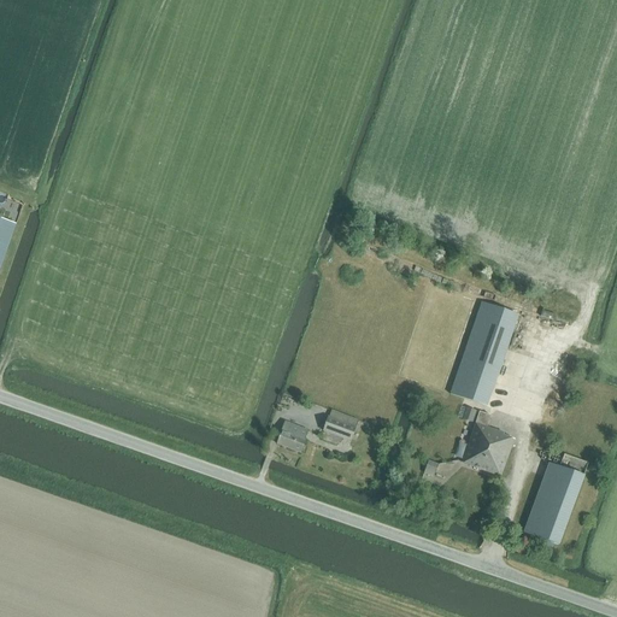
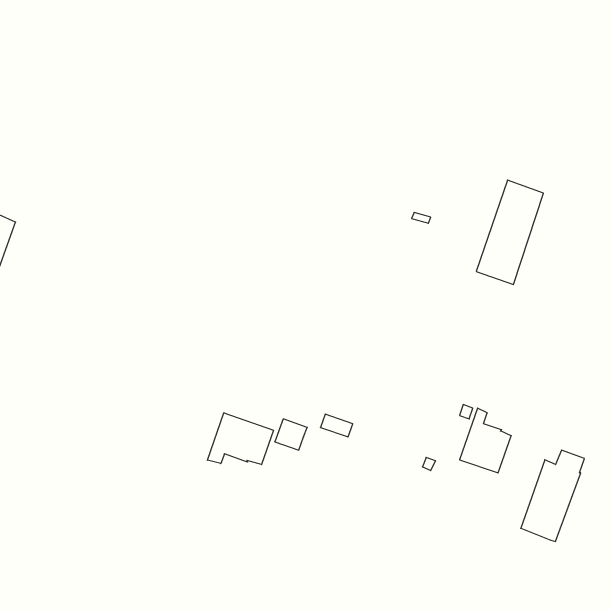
building: [449,300,517,405] -> [476,180,543,285]
building: none -> [207,413,273,465]

